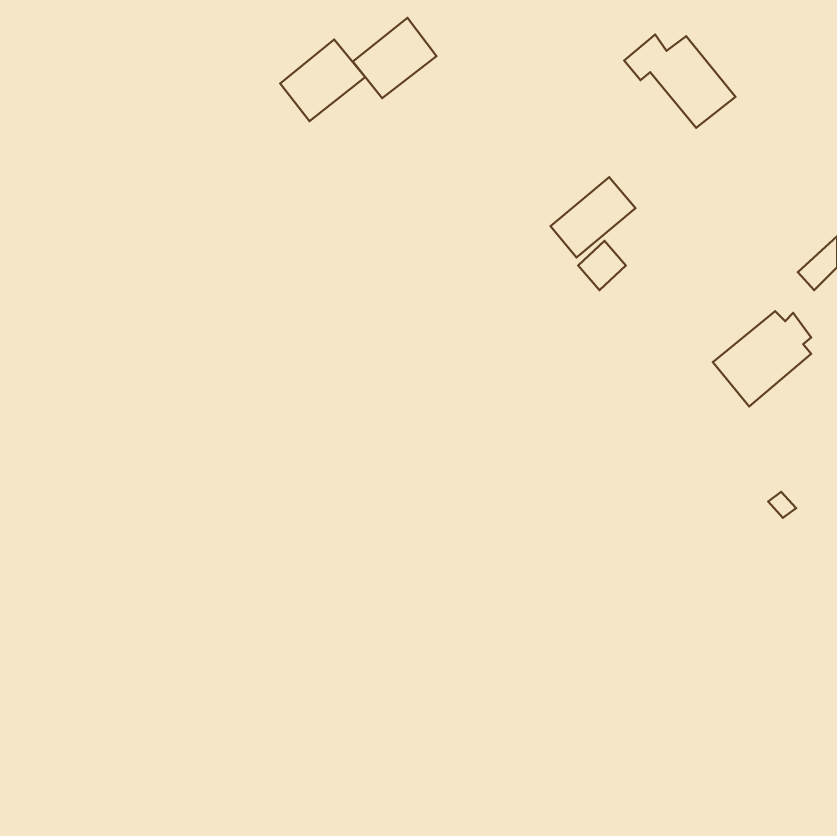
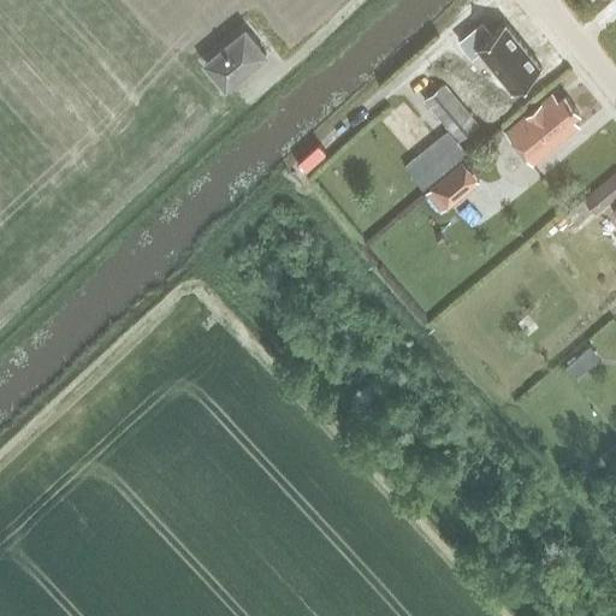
building: [353,18,437,98] -> none
building: none -> [424,83,479,142]
building: [713,311,811,406] -> [507,96,579,166]

